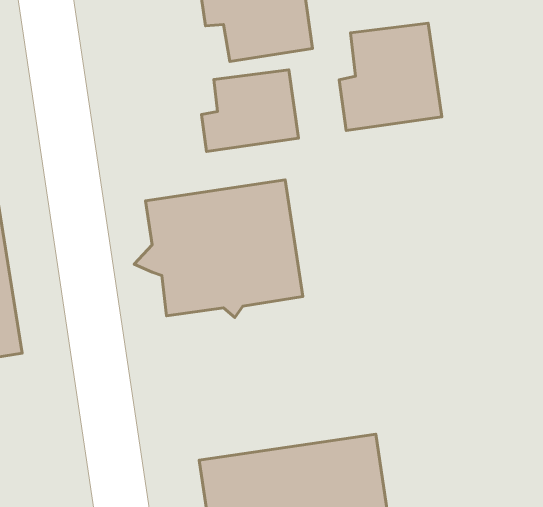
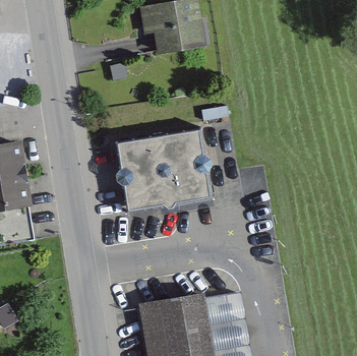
building: [339,23,442,130] -> none
building: [202,70,299,151] -> none

